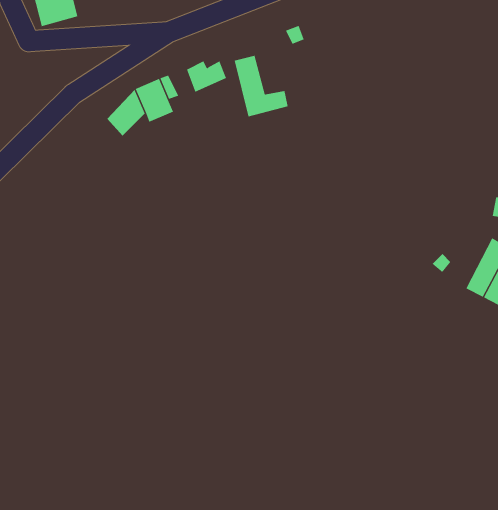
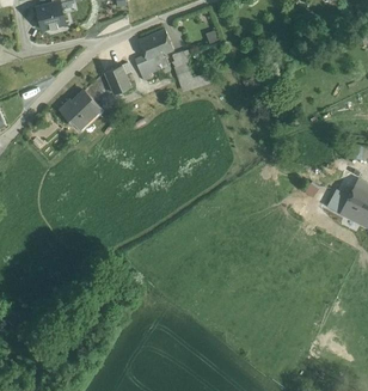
building: none -> [143,25,178,59]
building: none -> [60,92,100,132]

